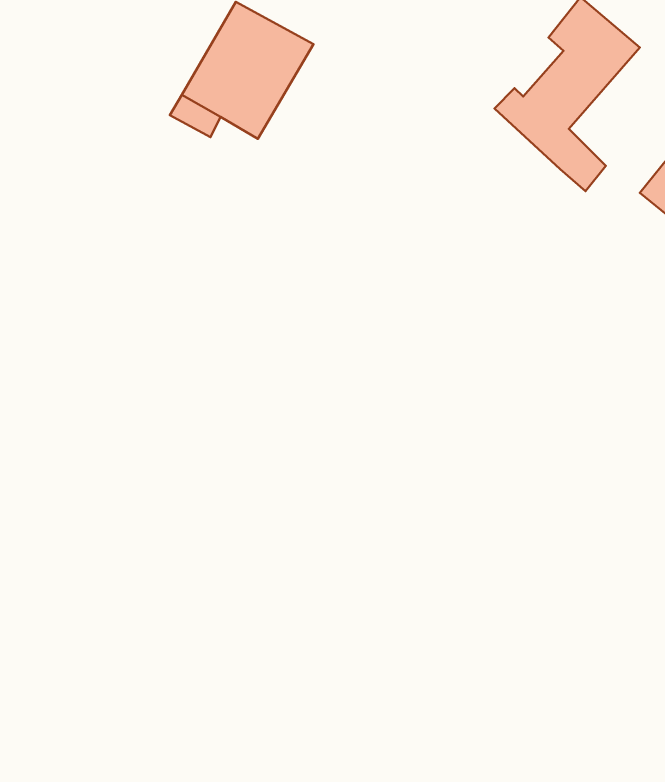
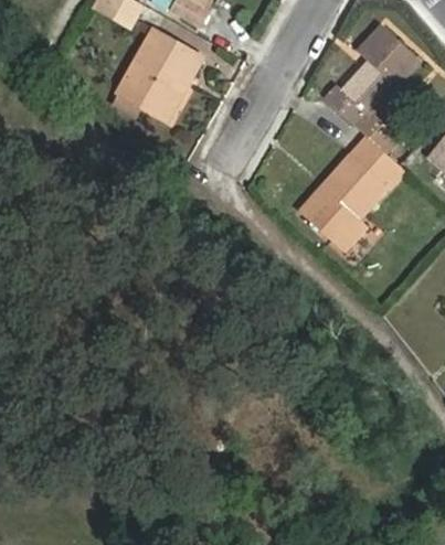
building: none -> [303,138,403,249]

